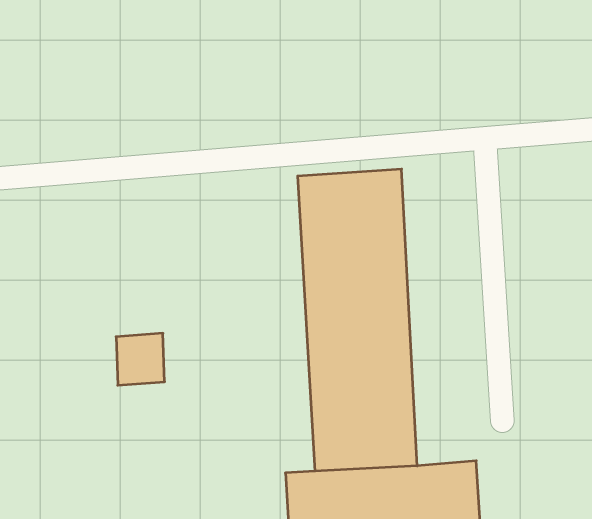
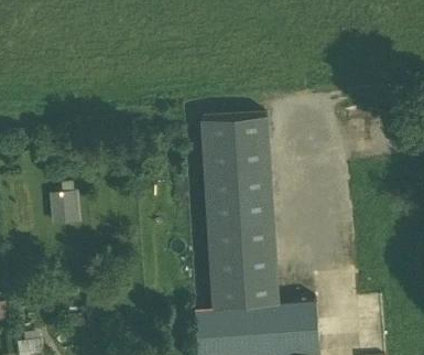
building: [116,333,165,385] -> [48,192,79,225]

